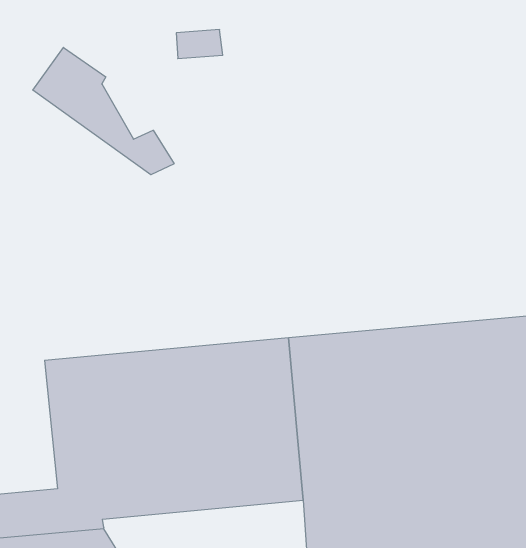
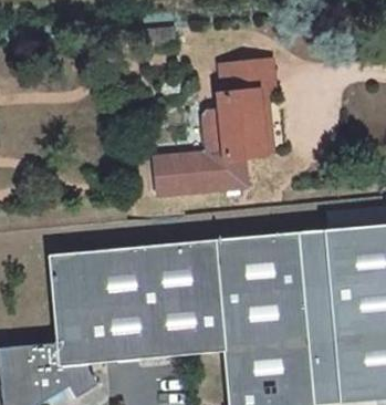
building: [33,47,174,175] -> none
building: none -> [150,61,275,197]

